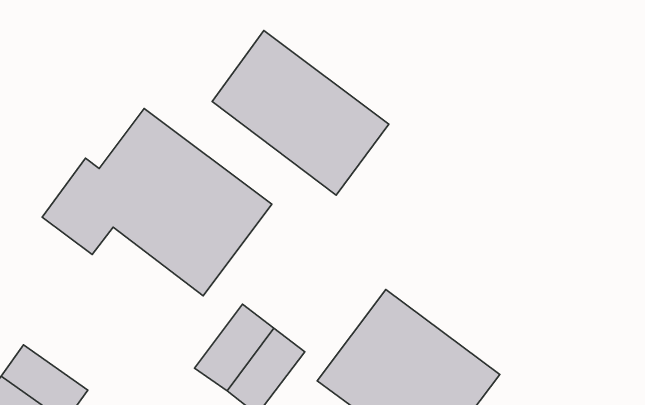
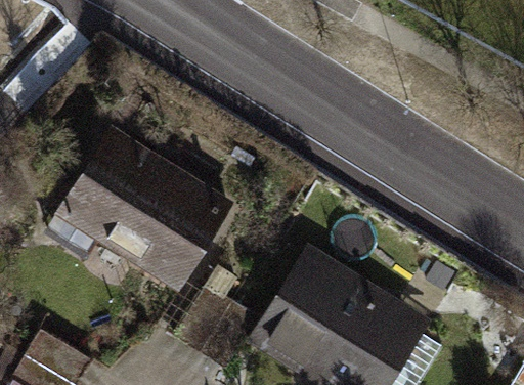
building: [212,30,389,195] -> none

